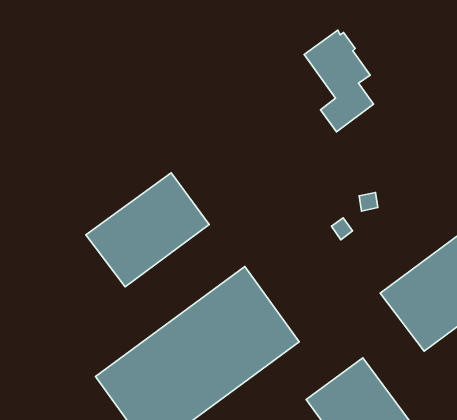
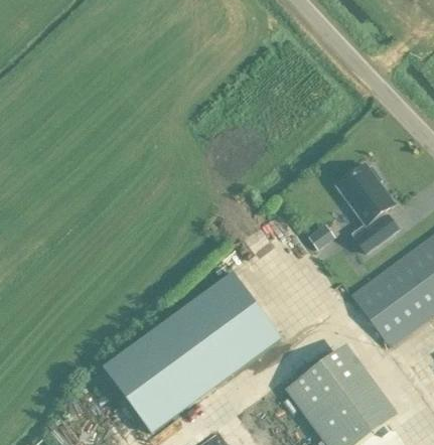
building: [304,30,374,132] -> [337,164,398,253]
building: [86,173,209,287] -> none

